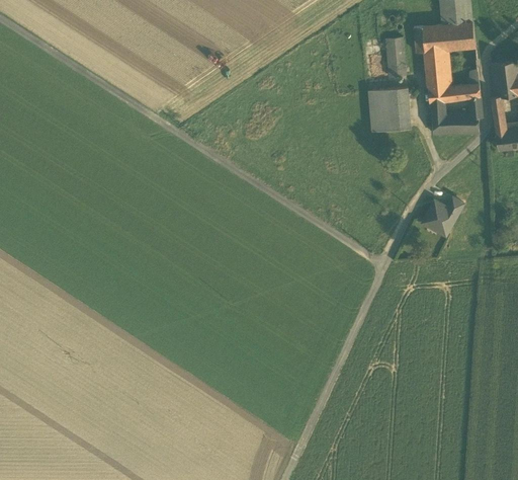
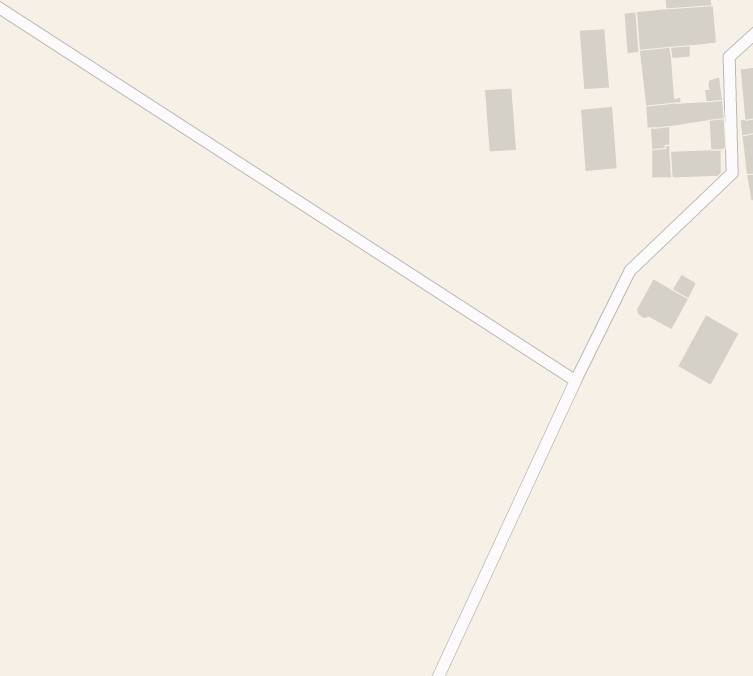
building: [368,90,390,132] -> [484,88,517,152]
building: none -> [677,315,739,385]

